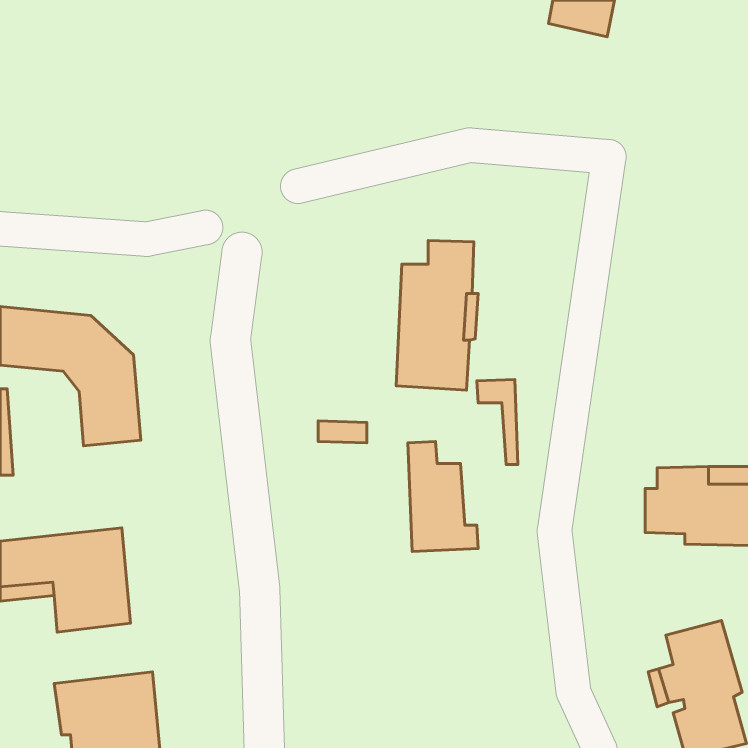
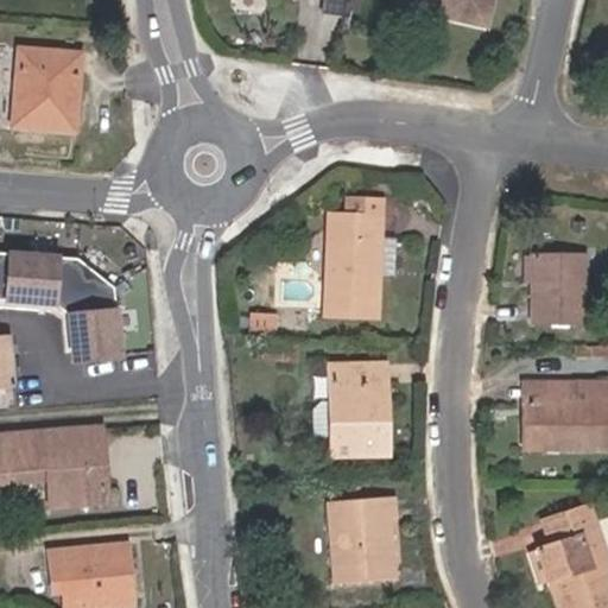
building: none -> [11,53,81,133]
building: none -> [534,253,585,318]
building: [477,380,518,465] -> [354,357,387,426]
building: none -> [334,493,398,577]

